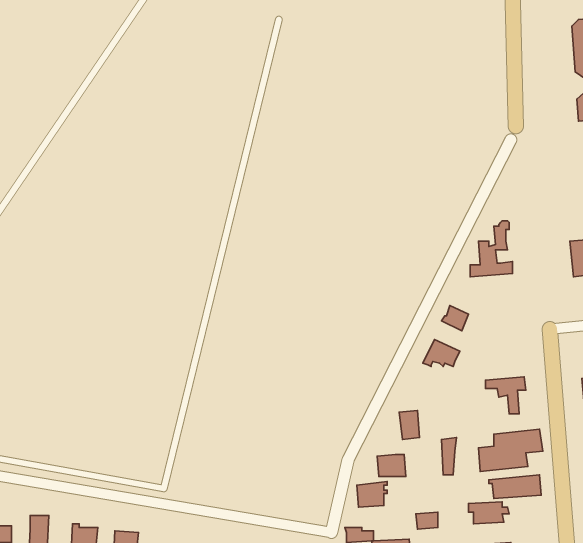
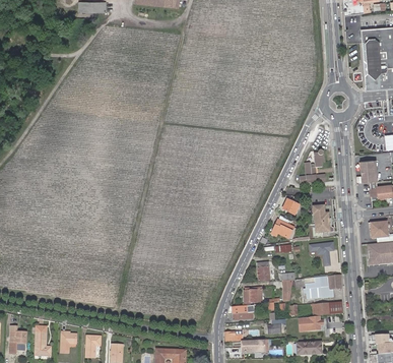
building: none -> [312,204,333,232]

